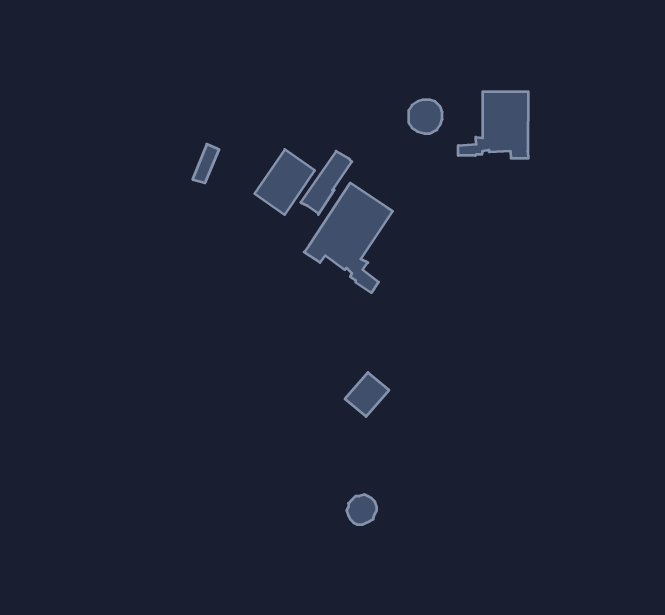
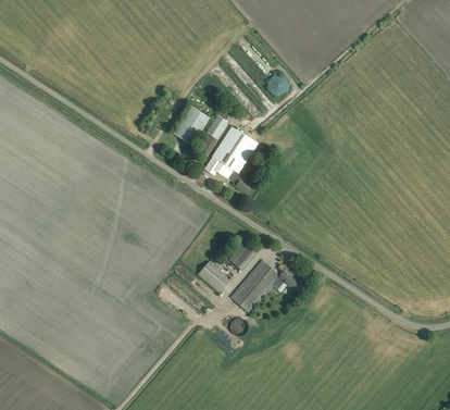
building: [458,92,528,158] -> none
building: none -> [230,260,298,312]
building: none -> [197,261,230,293]

